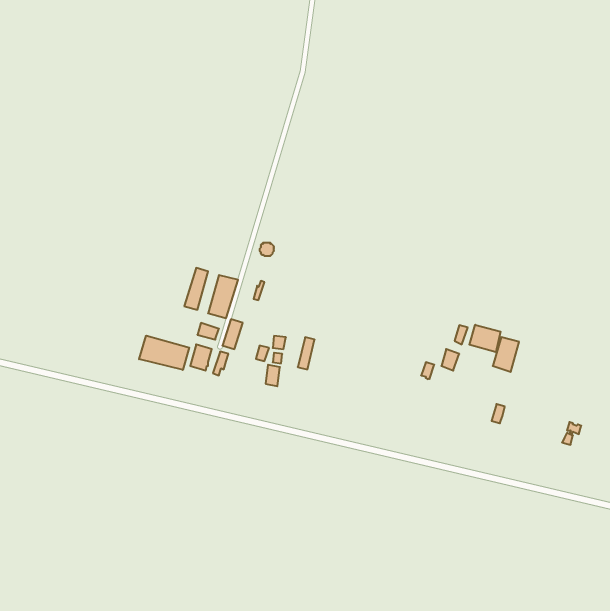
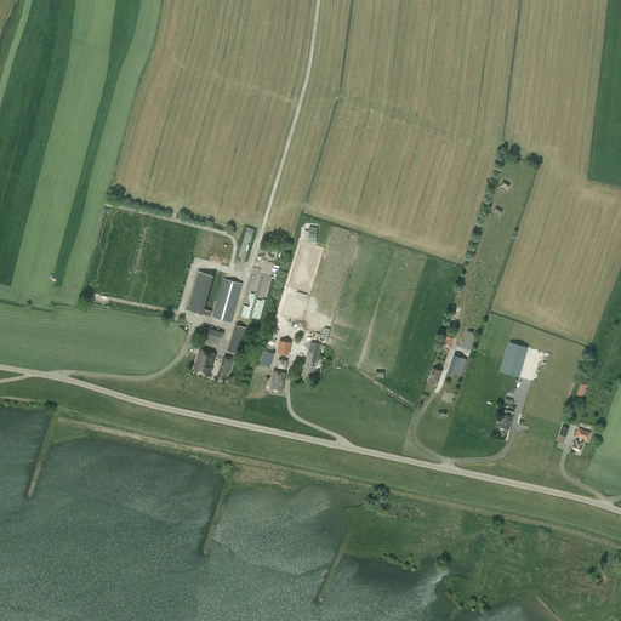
building: [469,325,501,352] -> none
building: [139,336,189,370] -> none

